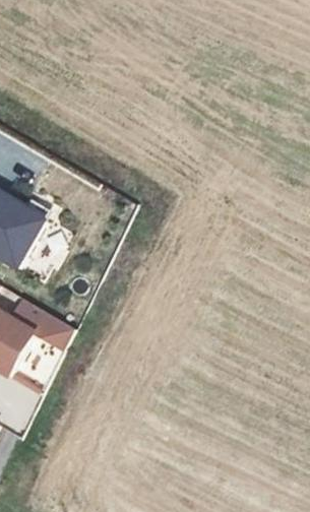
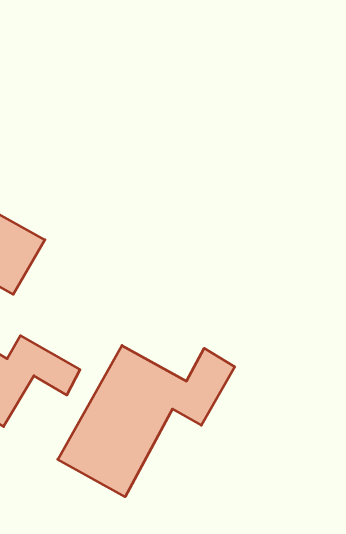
building: none -> [58,345,235,497]

